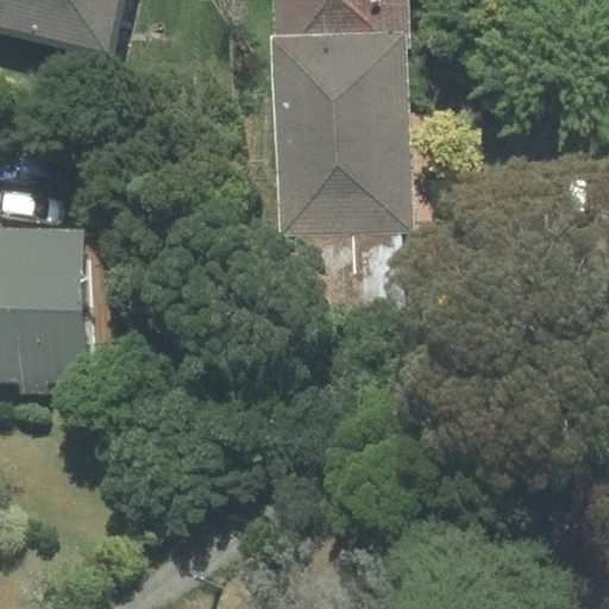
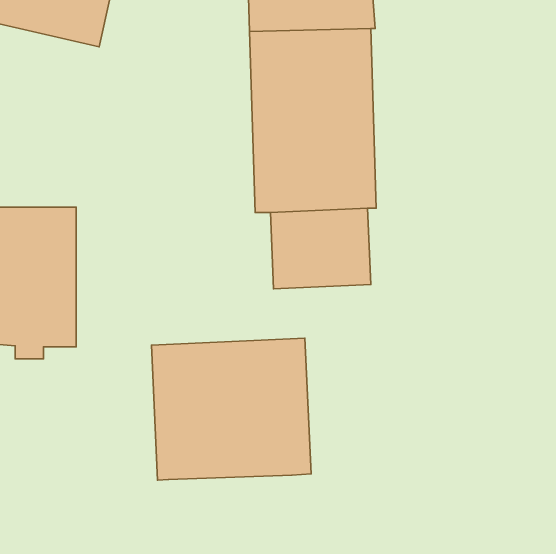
building: none -> [152,338,311,480]

